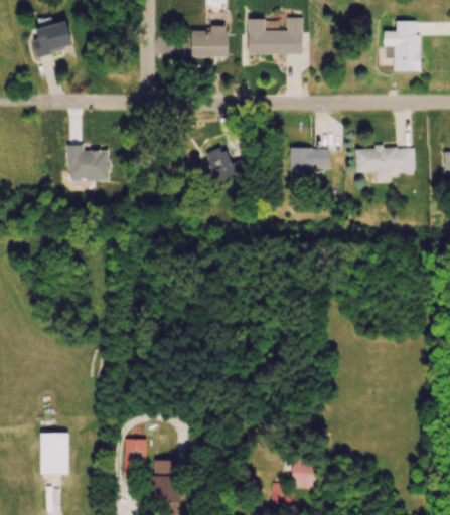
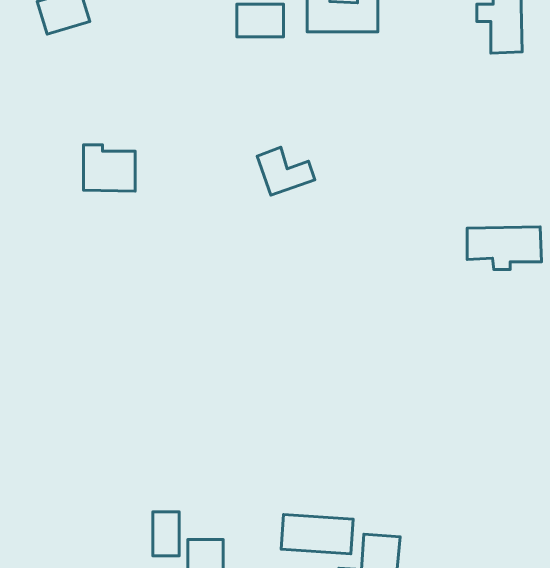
building: [356,146,416,180] -> [467,227,541,270]
building: [291,147,330,182] -> none
building: [40,433,67,474] -> none
building: none -> [281,514,353,554]

